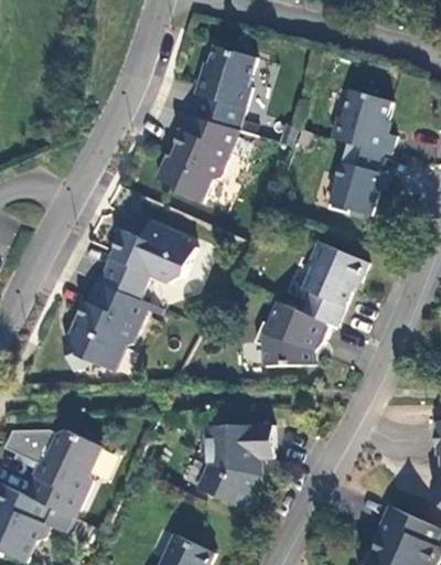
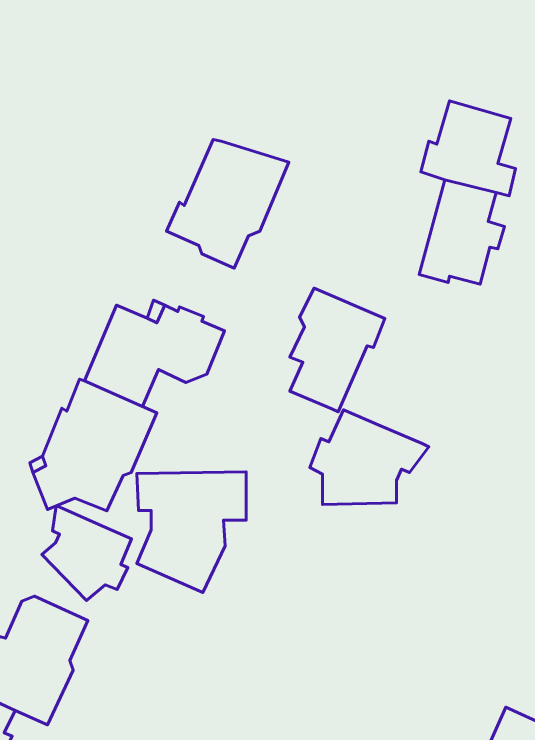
building: [194,45,257,131] -> none
building: [303,242,368,327] -> [290,288,385,412]
building: none -> [42,506,132,601]
building: [198,425,273,508] -> [137,472,246,593]

